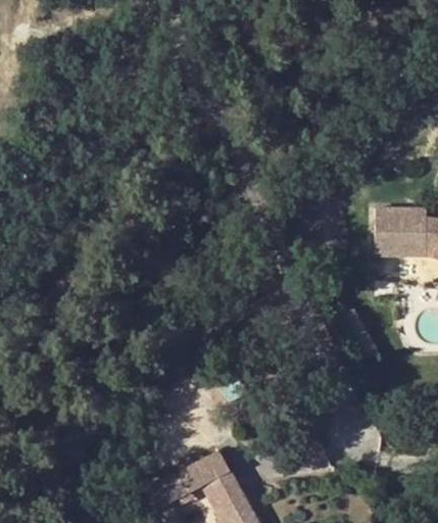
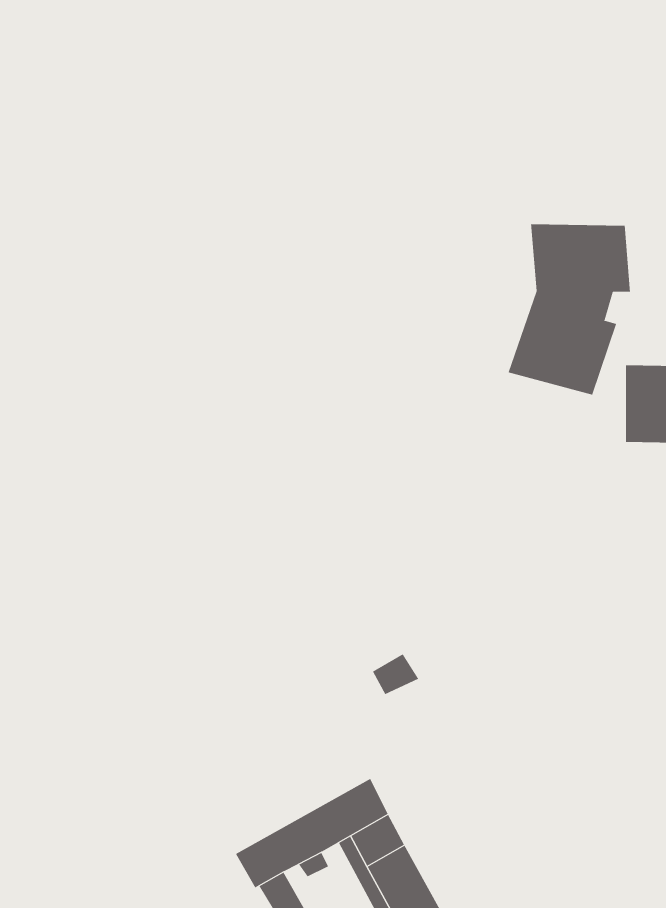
building: none -> [508,223,630,395]

